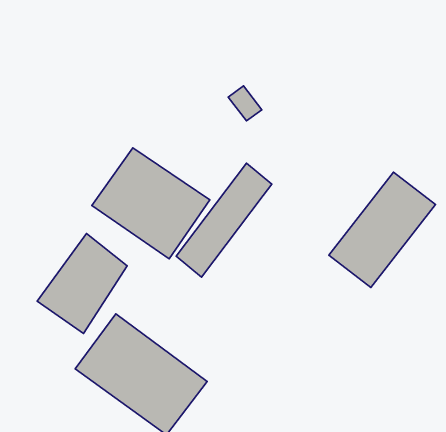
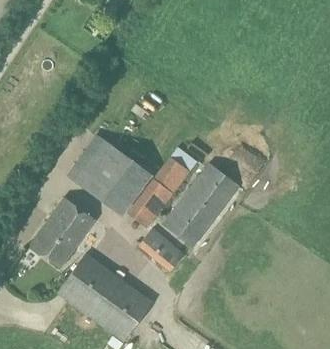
building: [329,172,436,287] -> [163,163,239,245]
building: none -> [140,227,184,269]

